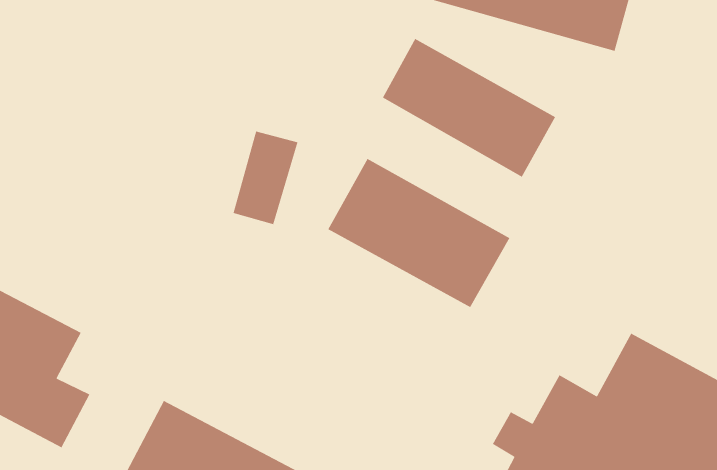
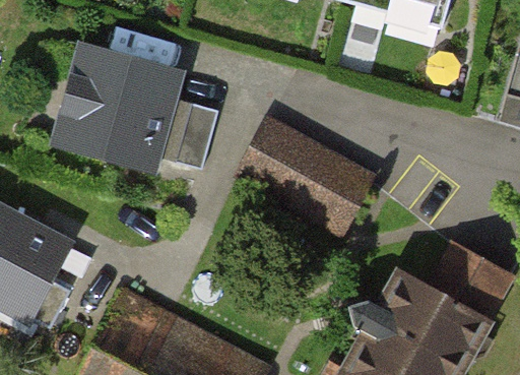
building: [382,38,556,178] -> none
building: none -> [55,46,173,163]

